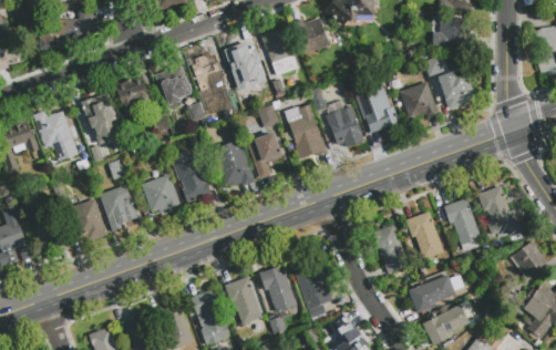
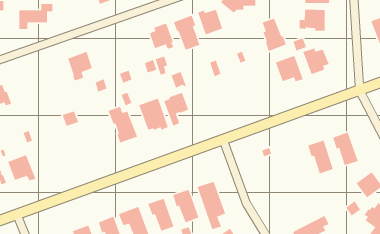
building: [188,52,225,93] -> none
building: [155,65,192,106] -> none
building: [365,87,400,135] -> [262,17,287,52]
building: [81,92,119,141] -> none
building: [284,106,328,159] -> none
building: [327,106,364,147] -> none
building: [33,110,79,161] -> none
building: [142,174,183,213] -> none
building: [99,184,138,231] -> none
building: [68,198,107,240] -> none
building: [406,212,444,258] -> none
building: [373,224,409,274] -> none
building: [409,274,465,313] -> none

